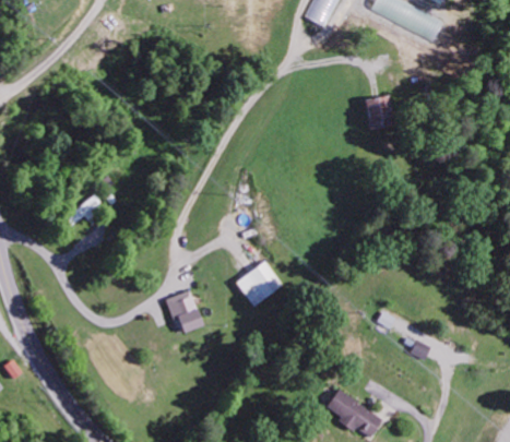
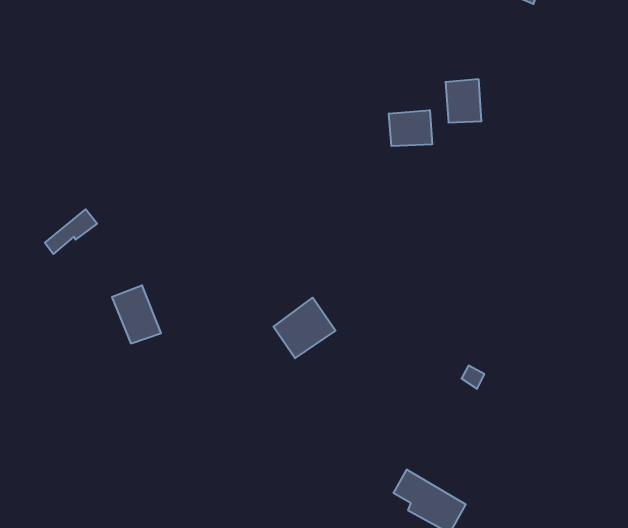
building: none -> [389,110,432,146]
building: [165,289,202,333] -> [112,285,161,343]

